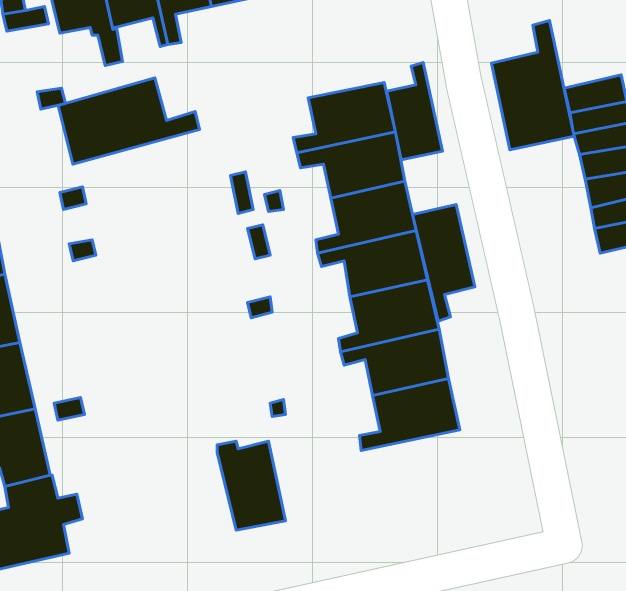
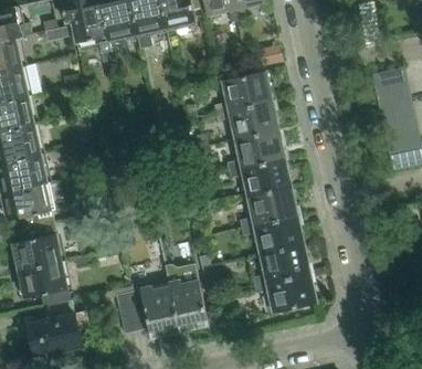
building: [491,20,574,150] -> none
building: [387,62,443,160] -> none
building: [58,78,199,164] -> none
building: [413,205,475,321] -> none
building: none -> [253,273,317,312]
building: none -> [110,285,180,338]

